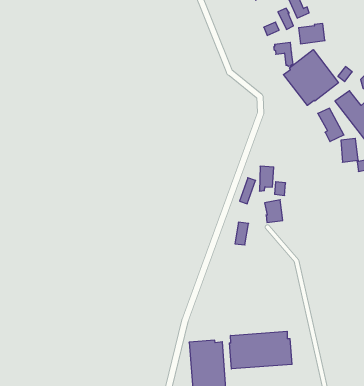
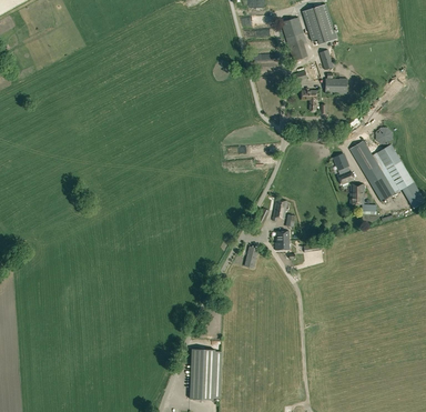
building: [283,50,338,105] -> none
building: [229,331,292,369] -> none

